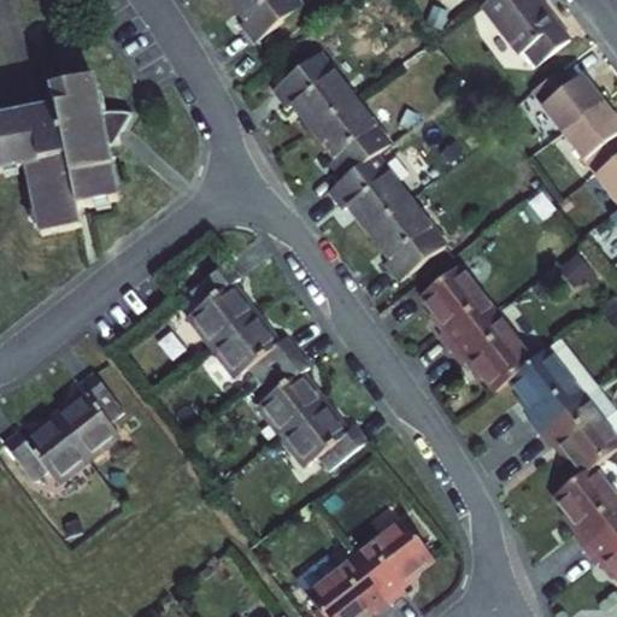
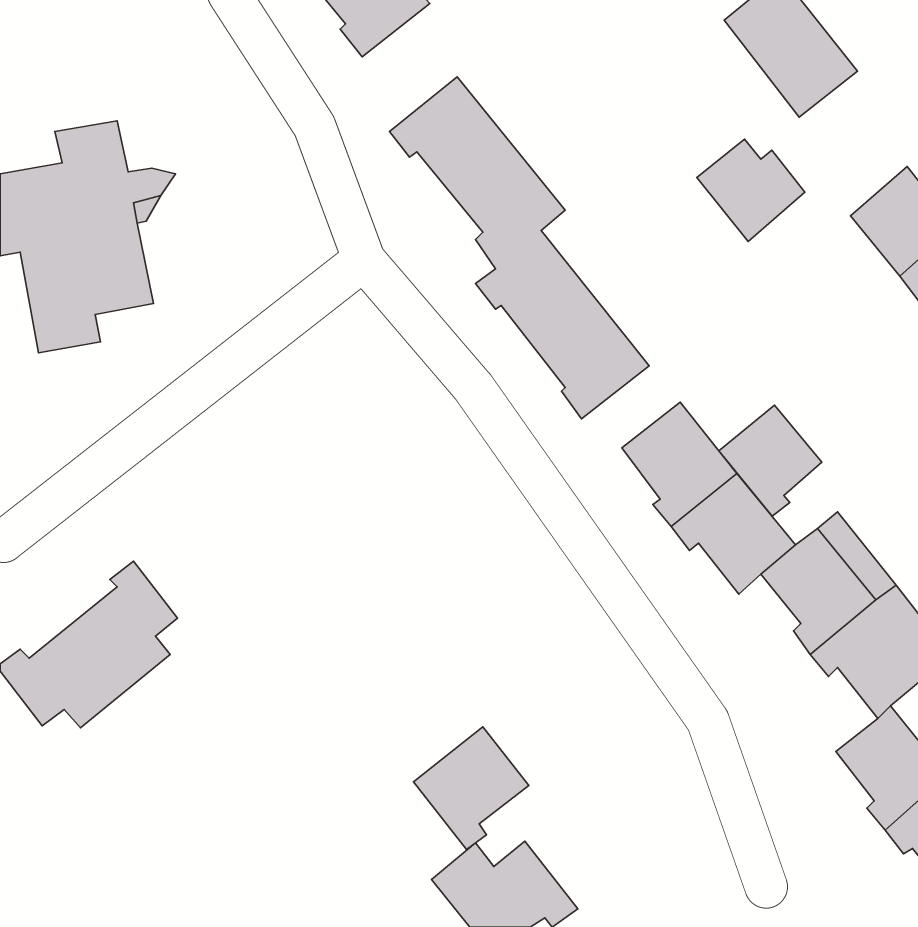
building: [537,75,609,142] -> [697,139,805,241]
building: [184,260,363,466] -> none
building: none -> [719,405,822,516]
building: [357,518,433,599] -> [413,727,529,849]

